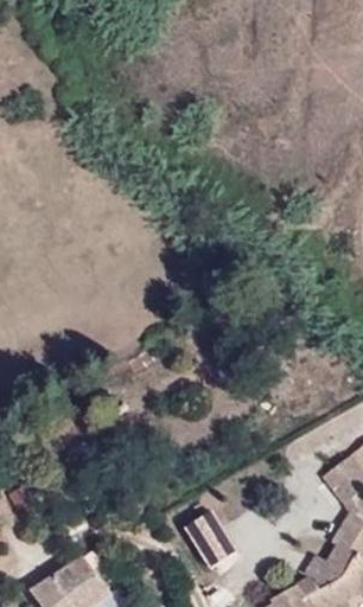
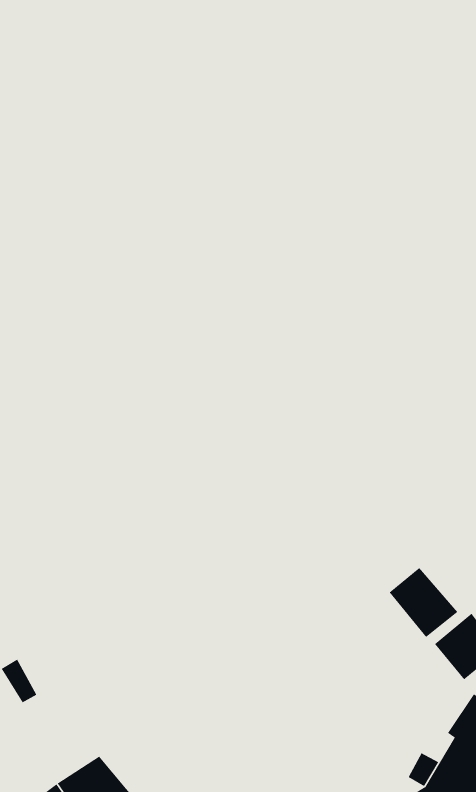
building: none -> [389,567,458,638]
building: [189,512,237,569] -> none

